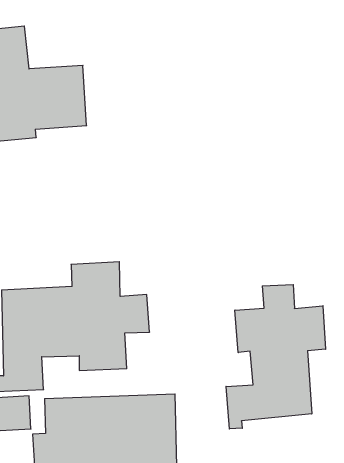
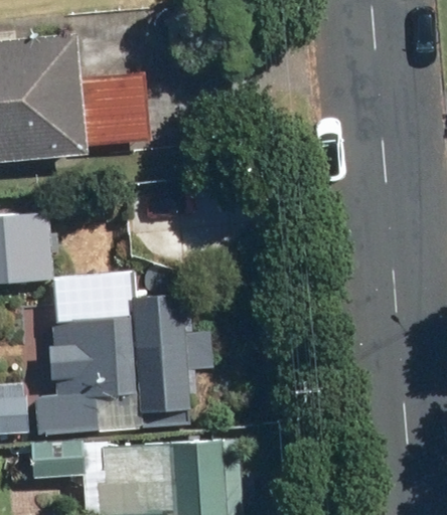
building: [226,285,326,429] -> none

